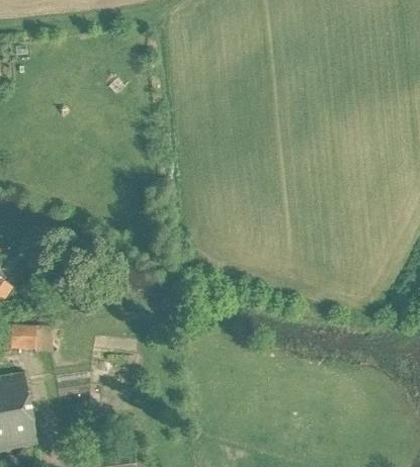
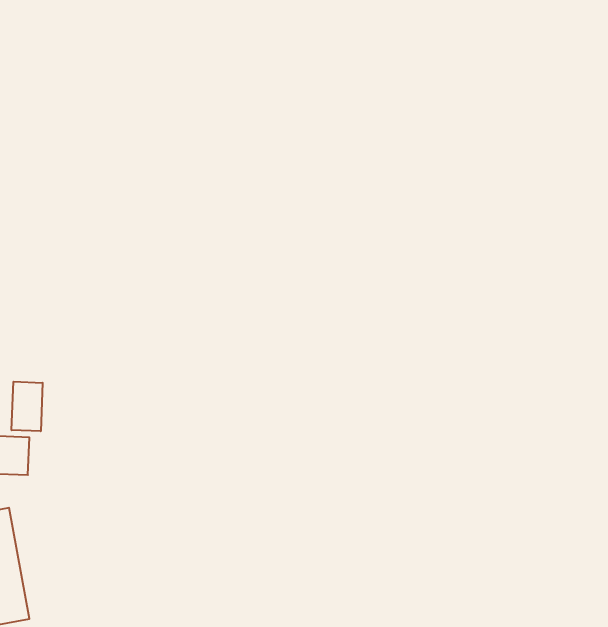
building: none -> [12,382,43,431]

